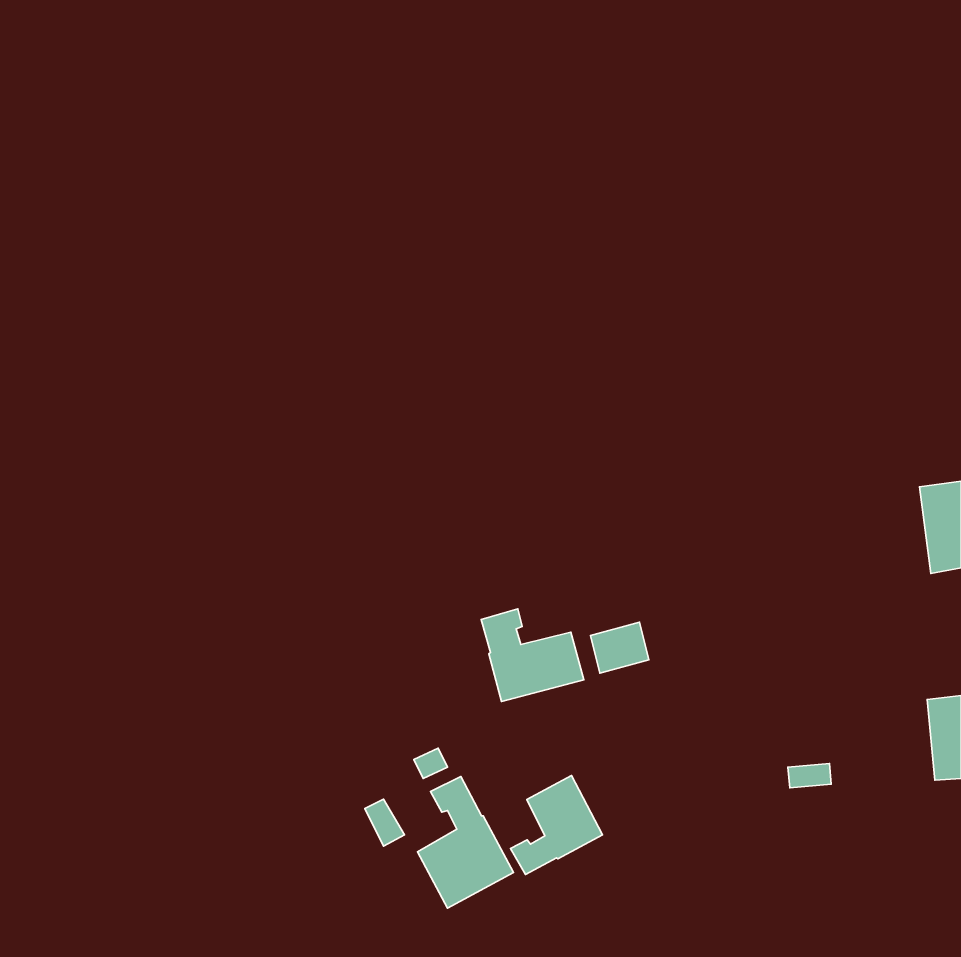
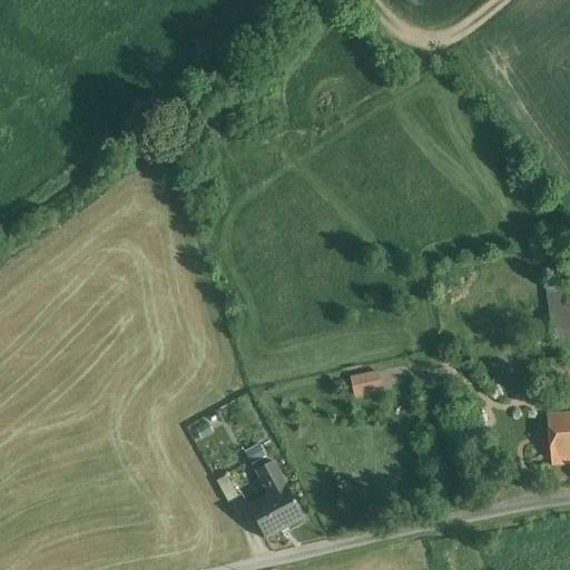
building: [481,609,584,701] -> none
building: [511,776,603,875] -> none

